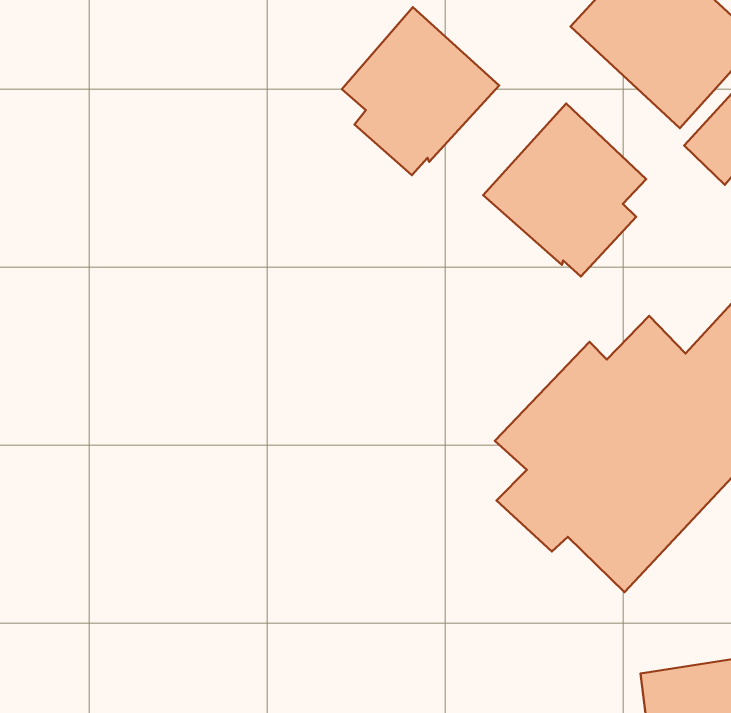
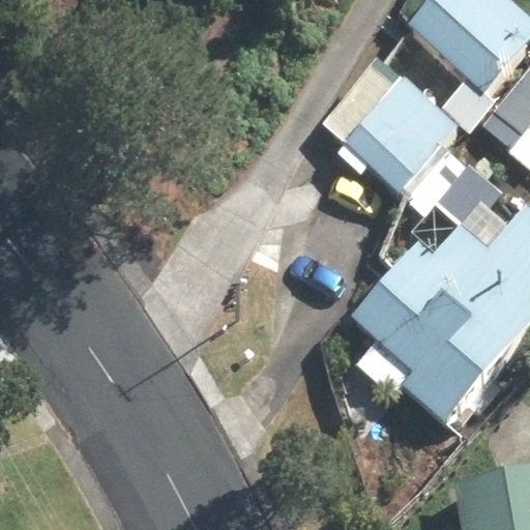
building: [342,7,499,175] -> none

